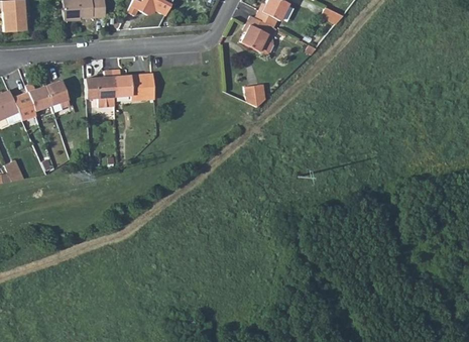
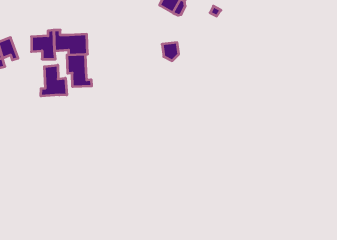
building: none -> [67,54,92,87]
building: none -> [41,65,67,96]

